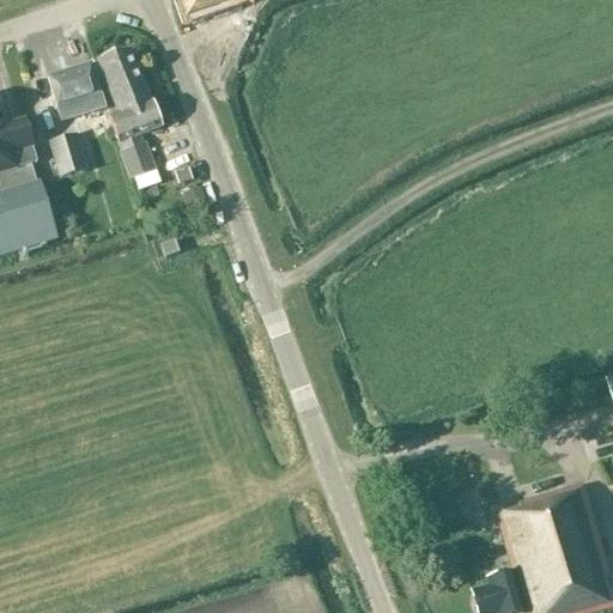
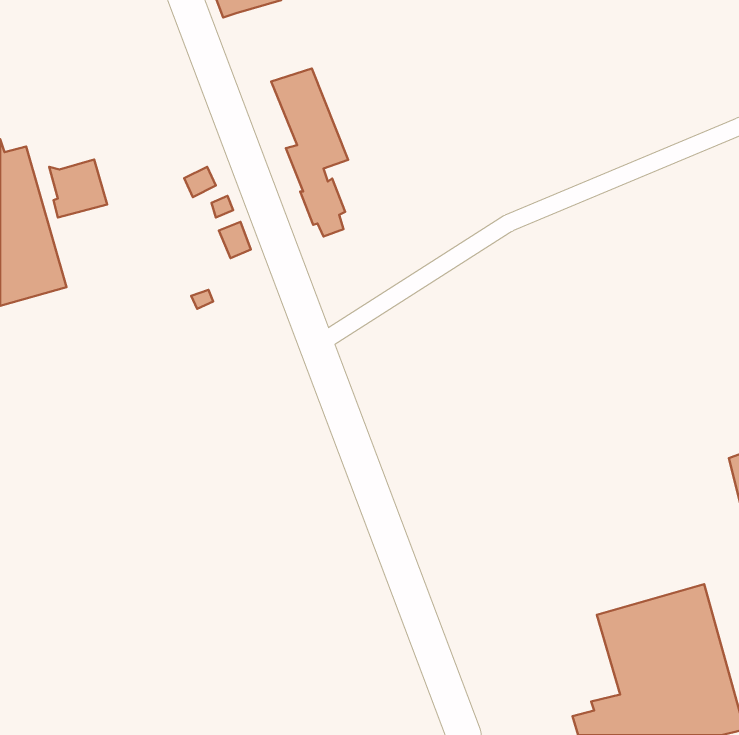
building: [97,49,160,188] -> [271,68,348,237]
building: [48,61,104,119] -> none

